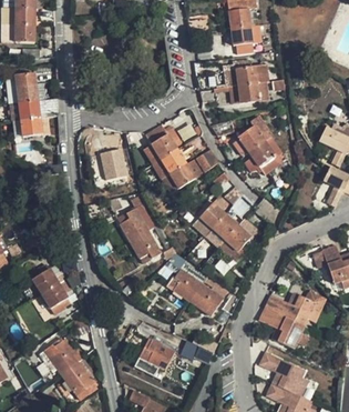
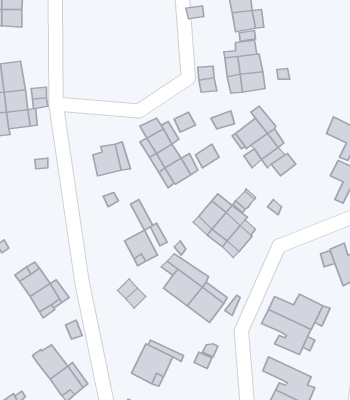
building: [120,208,148,242] -> none

